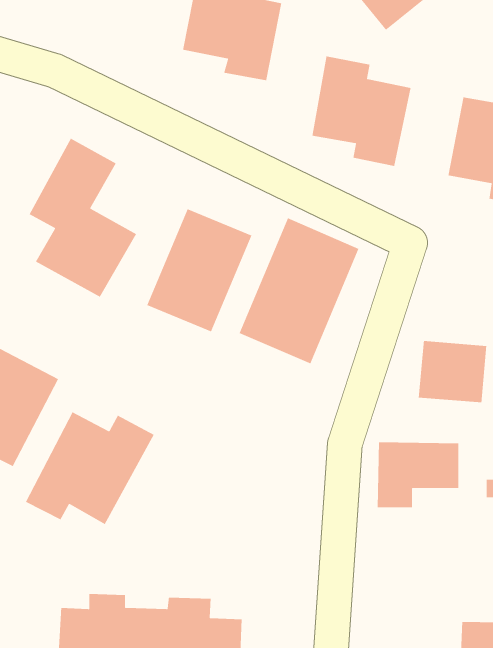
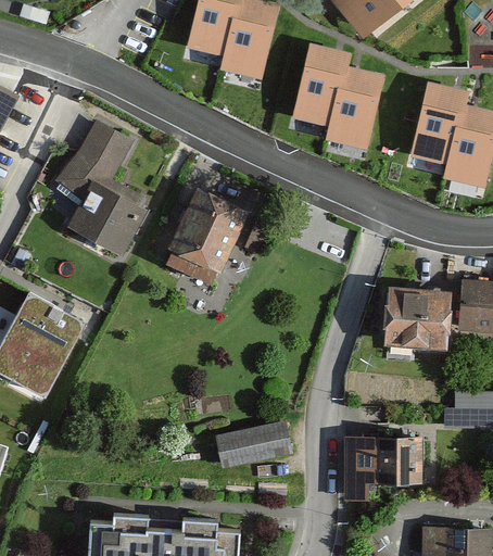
building: [239,217,360,365] -> none
building: [25,411,155,525] -> none
building: [377,441,459,508] -> [347,441,417,497]
building: none -> [216,419,291,469]

